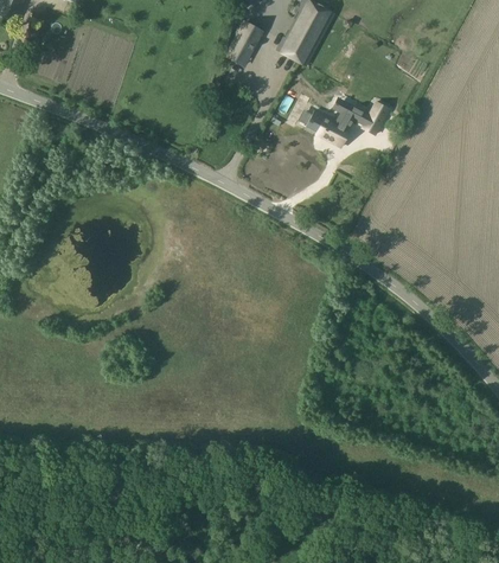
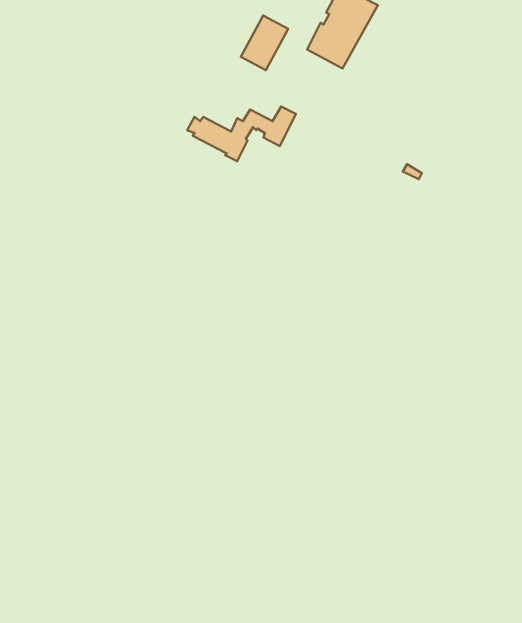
building: [301,100,389,143] -> [187,107,296,161]

